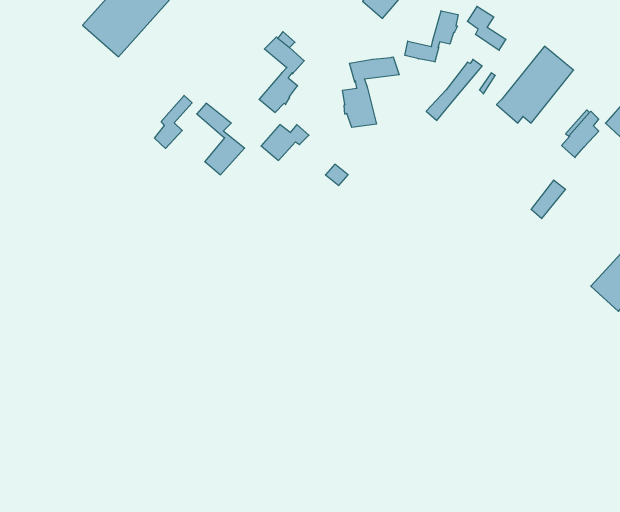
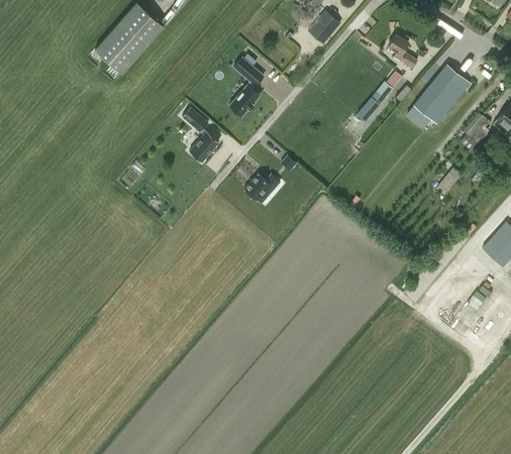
building: [405,11,458,62] -> none
building: [342,57,399,127] -> none
building: [154,95,192,148] -> none
building: [261,125,309,160] -> [243,174,280,201]

